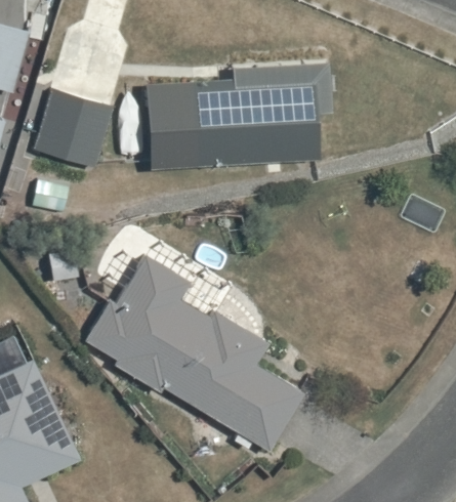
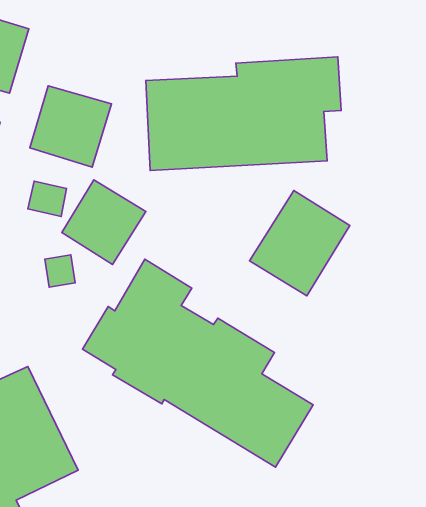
building: none -> [62,180,146,264]
building: none -> [249,190,350,296]

